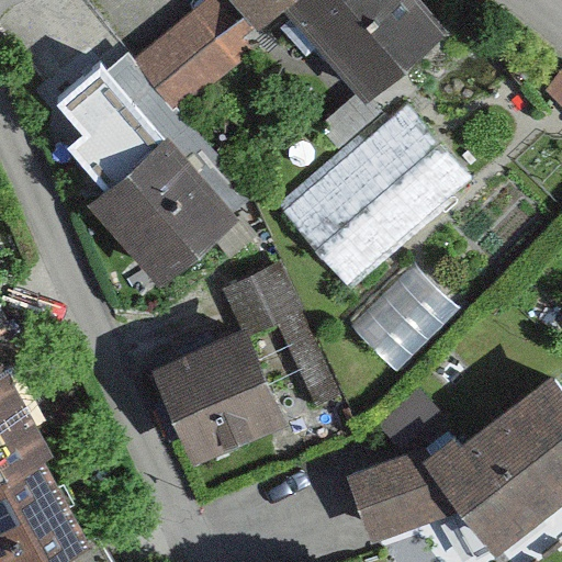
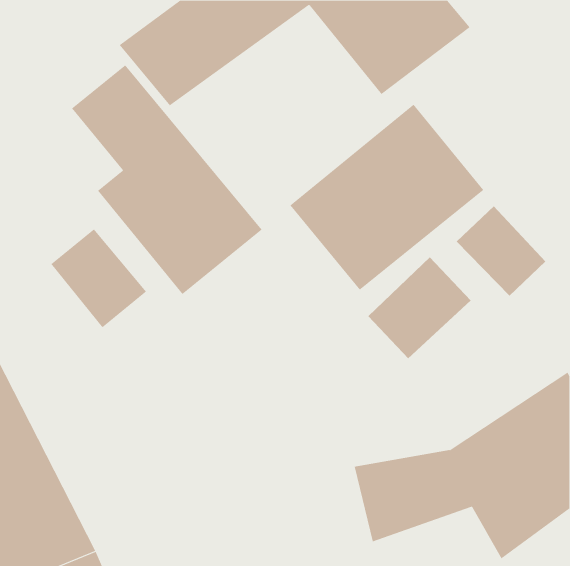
building: none -> [456,206,546,297]
building: none -> [51,228,147,328]
building: [159,265,327,450] -> none

